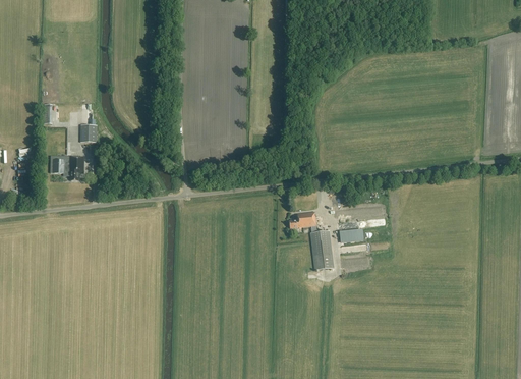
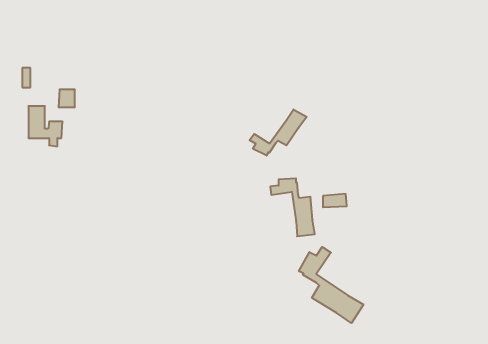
building: none -> [250,109,307,156]
building: none -> [299,247,363,323]

